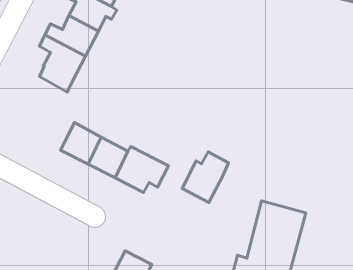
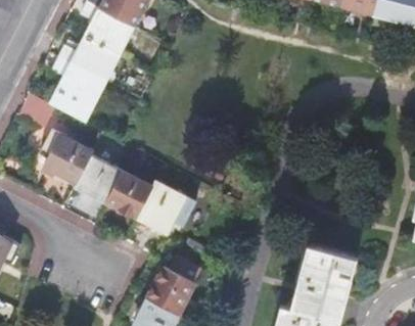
building: none -> [42,129,96,186]
building: [182,152,228,202] -> [150,257,201,313]

